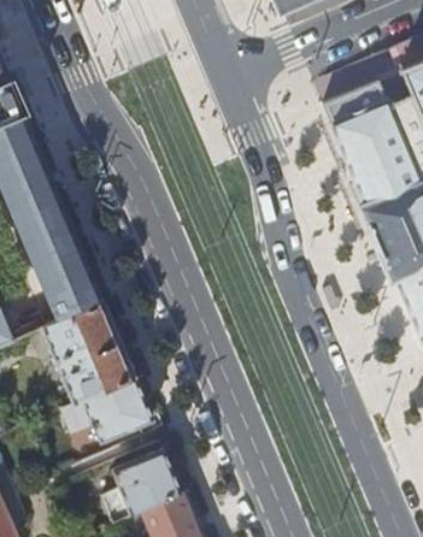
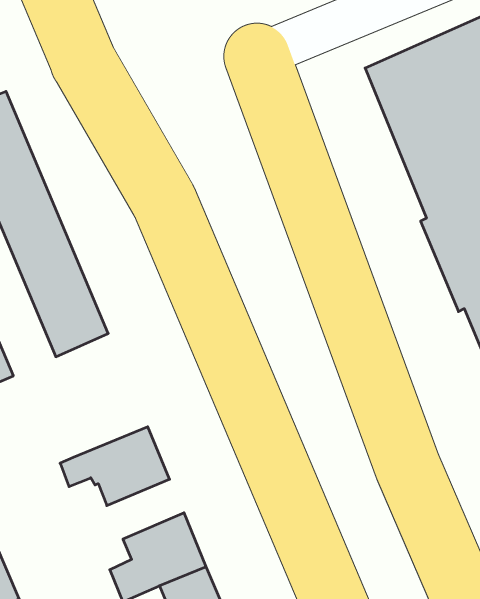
building: [40,301,133,403] -> none

